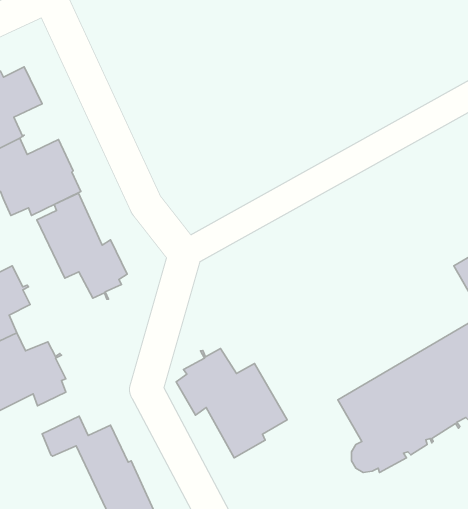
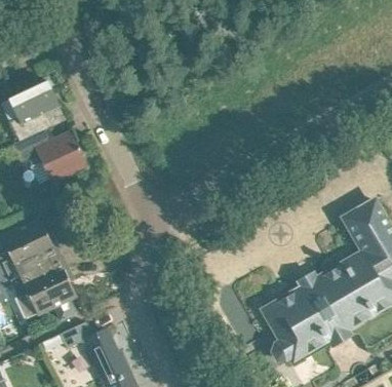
building: [37,193,127,299] -> none
building: [176,349,287,458] -> none

